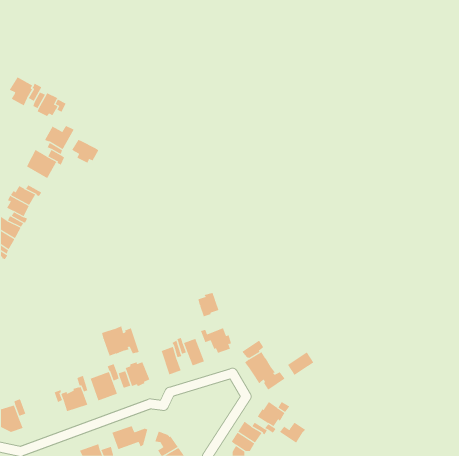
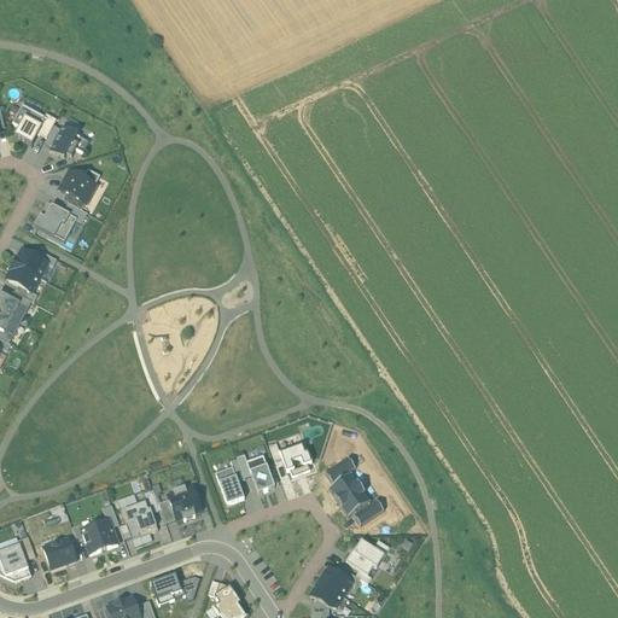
building: [71,139,99,163] -> none
building: [198,292,219,317] -> none
building: [101,326,140,357] -> none
building: [287,351,314,376] -> none
building: none -> [43,537,76,567]
building: [279,422,306,444] -> none

